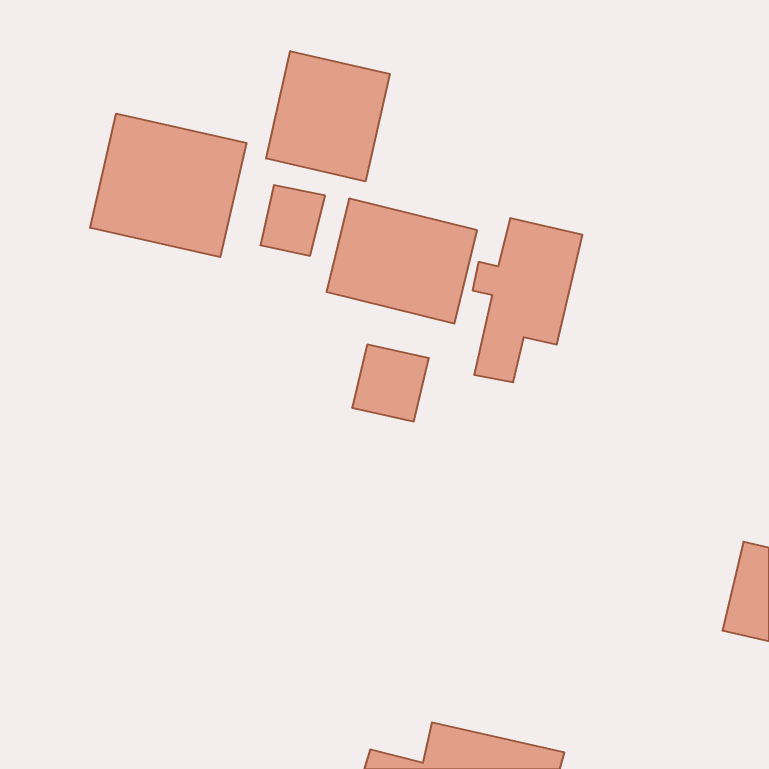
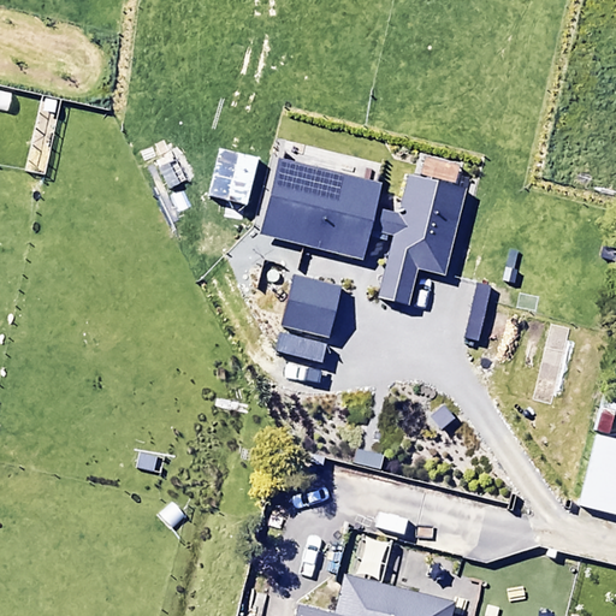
building: [266,51,390,181] -> none
building: [90,114,246,257] -> none

